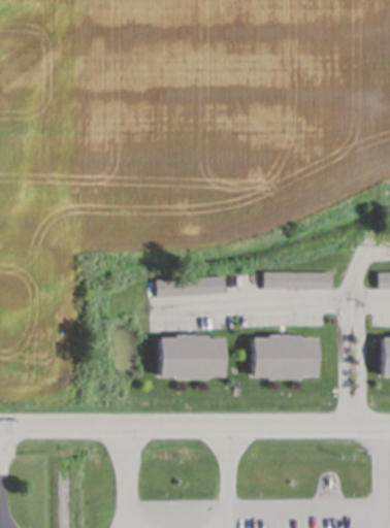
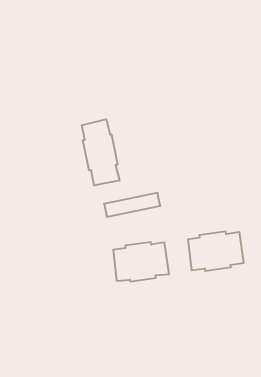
building: none -> [82,119,119,186]
building: [265,272,332,289] -> none

